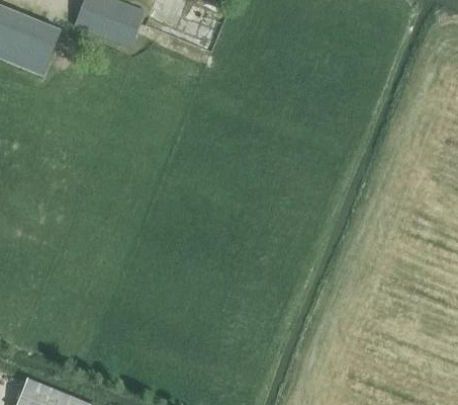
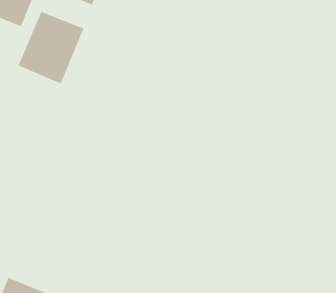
building: none -> [18,11,85,84]

